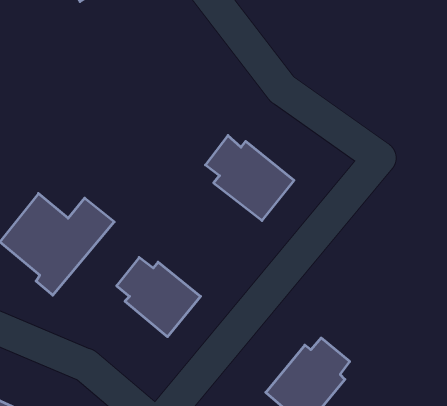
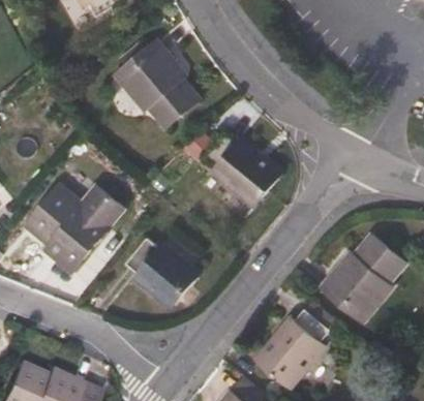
building: none -> [115,38,201,127]
building: none -> [323,233,407,320]

